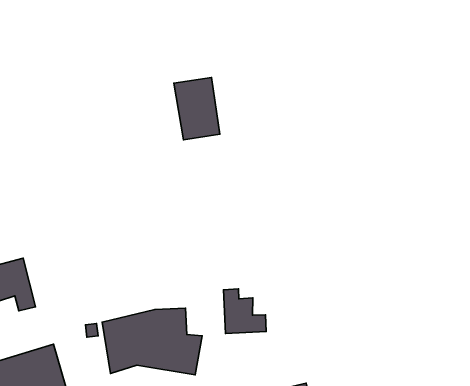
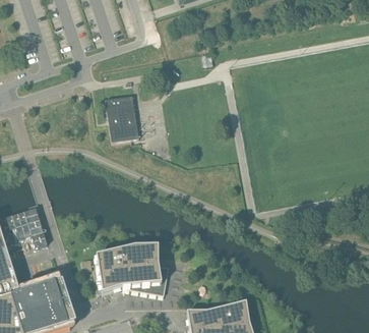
building: [174,77,220,140] -> [104,94,137,140]
building: [224,289,266,333] -> none

